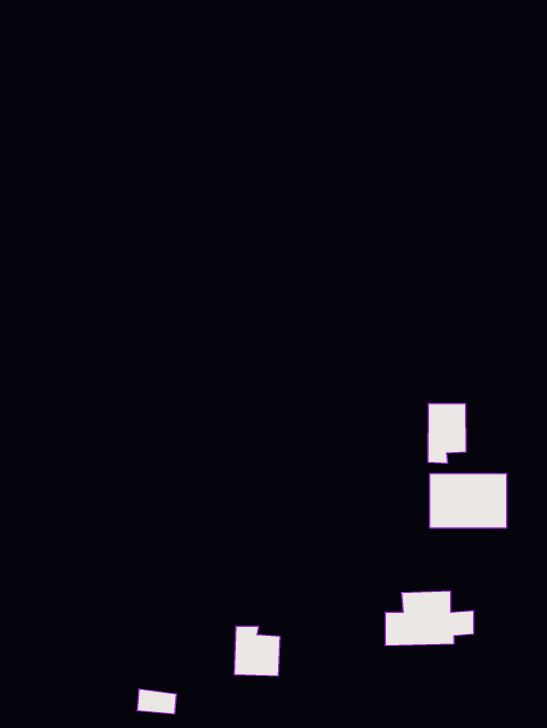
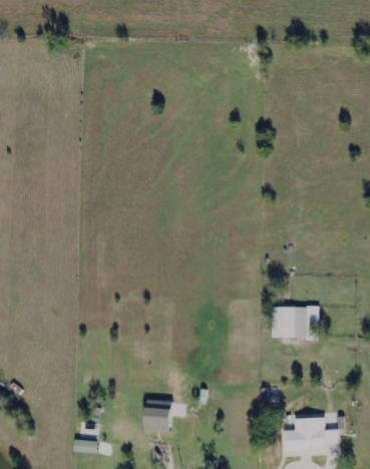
building: [428,404,466,463] -> none
building: [385,591,474,645] -> [282,417,336,450]

